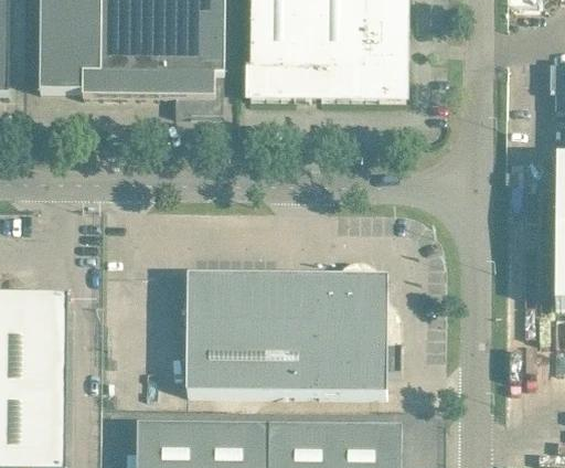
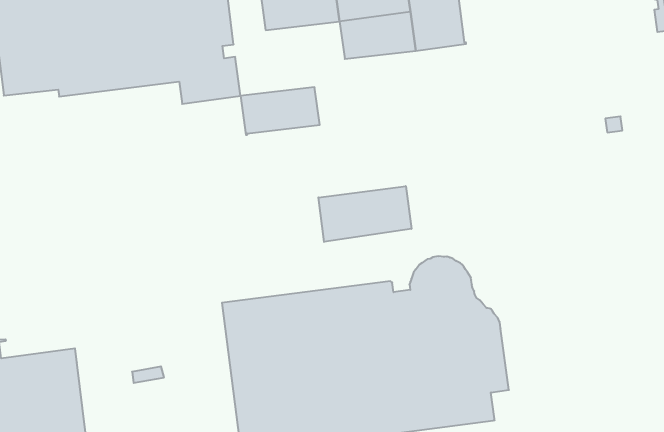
building: [249,65,308,96] -> [241,87,320,135]
building: none -> [318,186,411,242]

